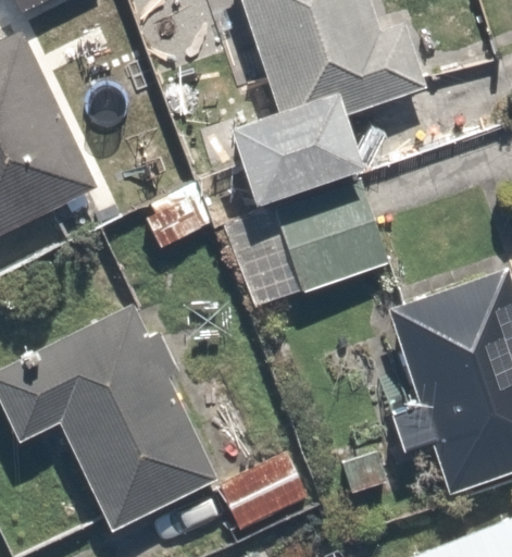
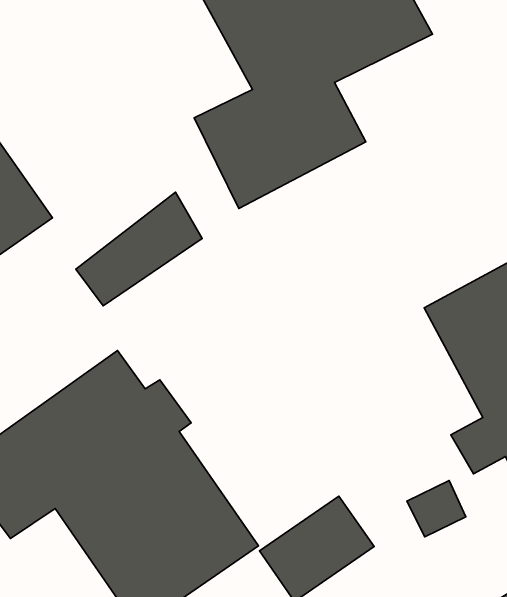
building: [227,180,390,308] -> none

